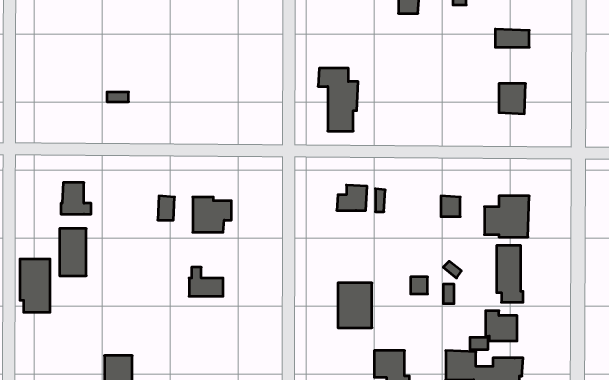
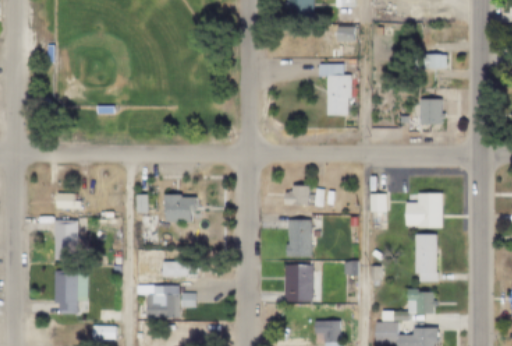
building: [318,68,358,131] -> [317,64,350,116]
building: none -> [286,220,312,256]
building: [20,259,50,312] -> [55,270,80,314]
building: none -> [138,285,180,320]

